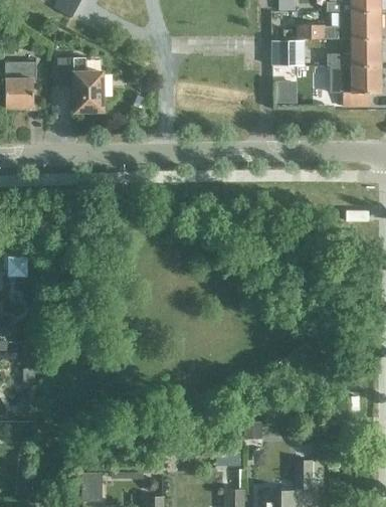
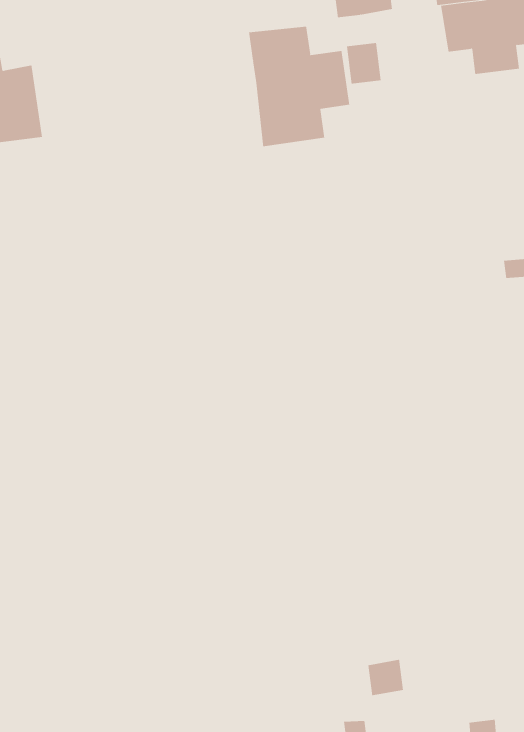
building: none -> [248,26,350,147]

